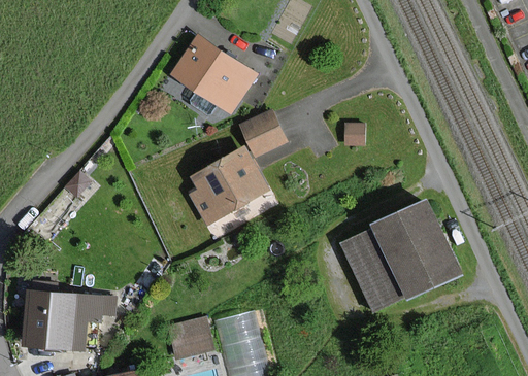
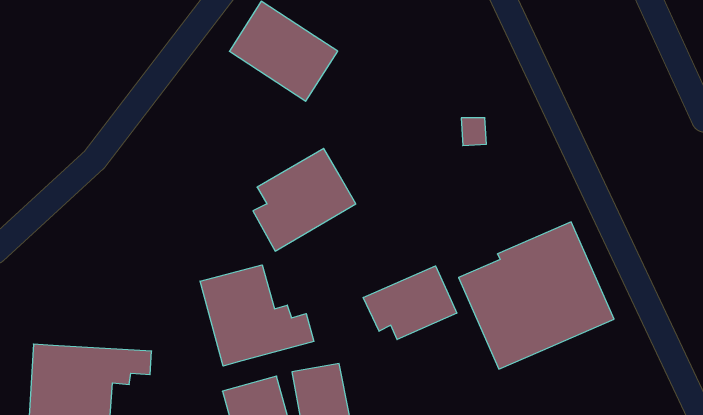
building: [240,111,284,156] -> none
building: none -> [200,265,314,366]
building: none -> [363,266,457,340]

